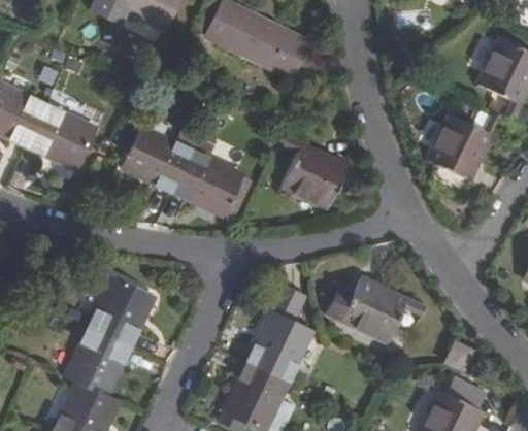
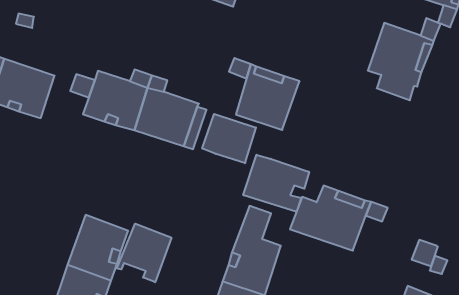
building: none -> [202,114,256,163]
building: none -> [243,155,309,212]
building: none -> [117,224,171,282]

